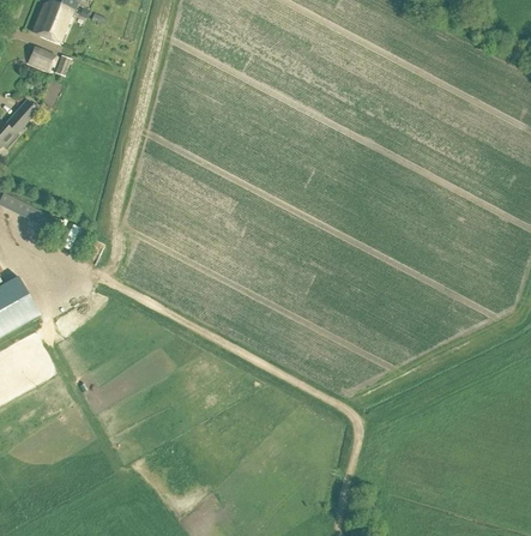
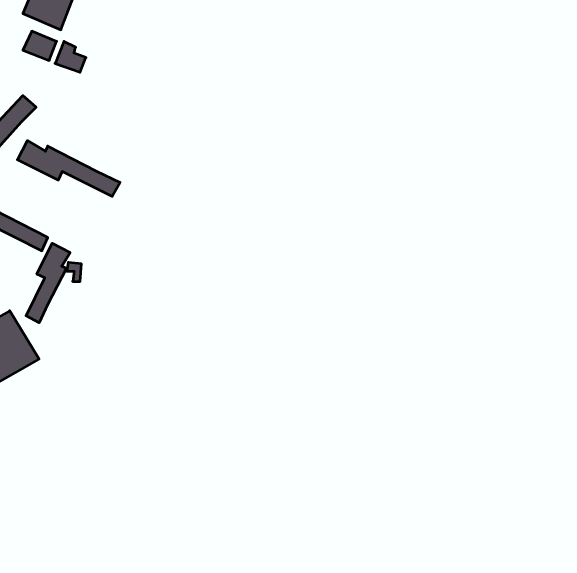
building: none -> [17,141,120,196]
building: none -> [26,243,70,323]

